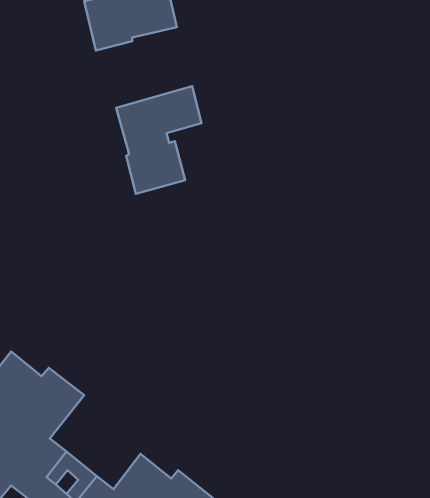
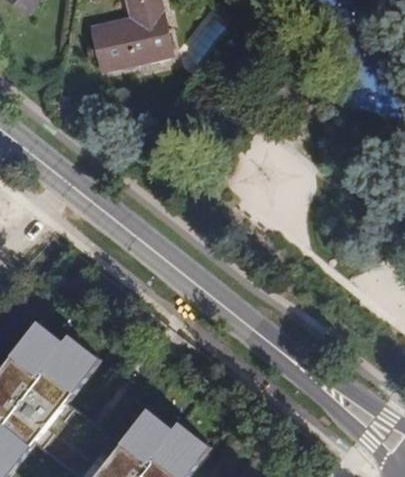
building: [116,86,202,194] -> none

